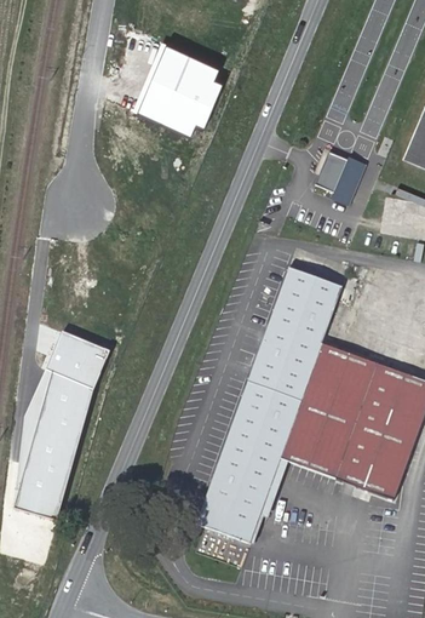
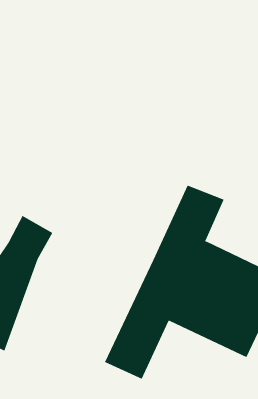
building: [136,44,218,131] -> none
building: [316,154,366,205] -> none

